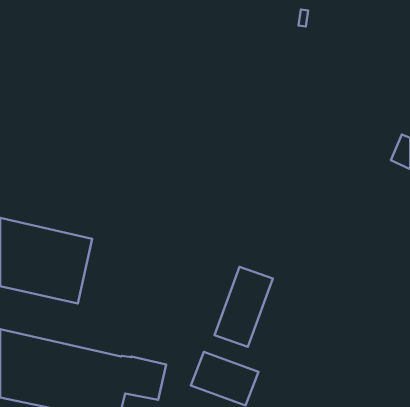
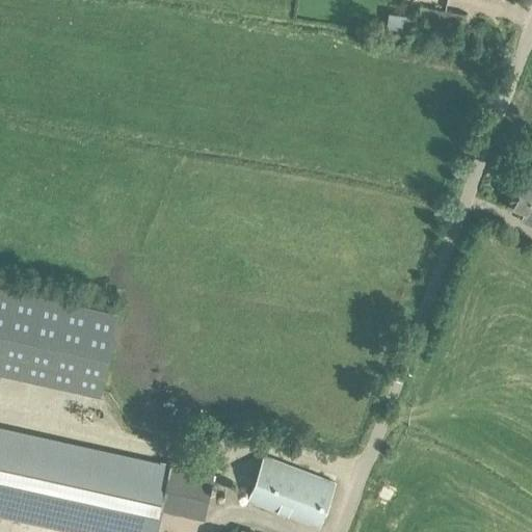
building: [214,267,273,347] -> none

